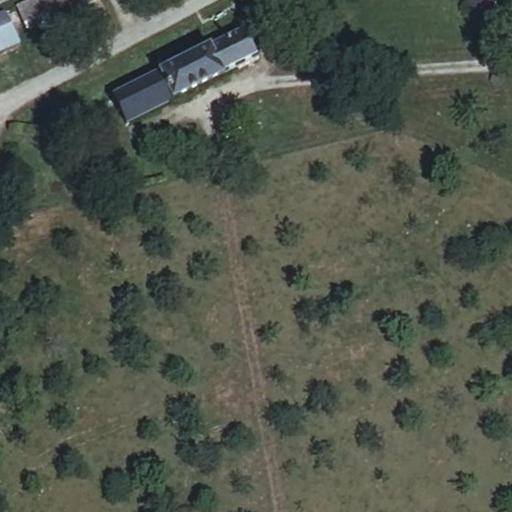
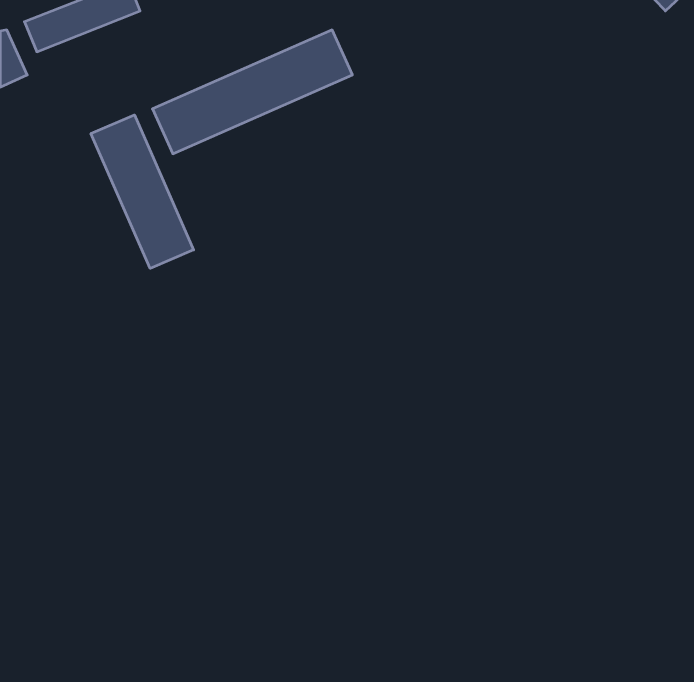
building: none -> [91,115,194,268]

